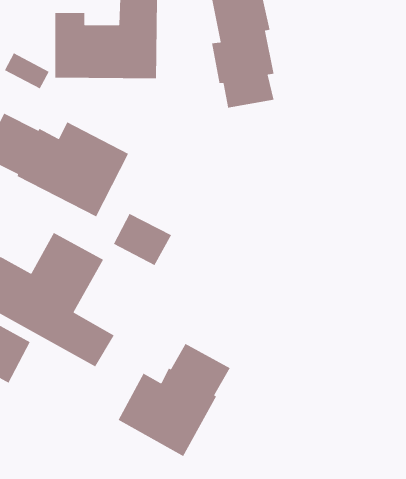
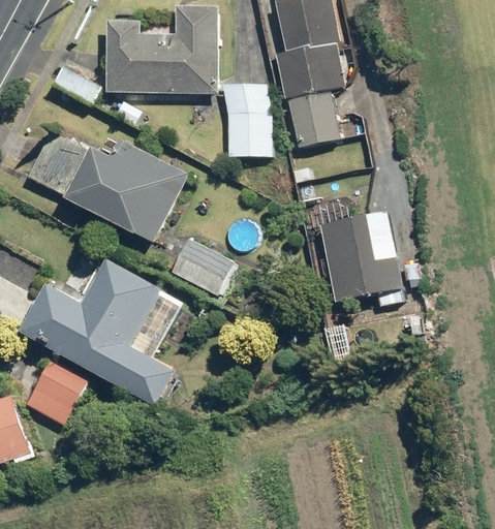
building: none -> [223,84,273,156]
building: none -> [319,211,402,301]
building: [118,343,231,457] -> none

